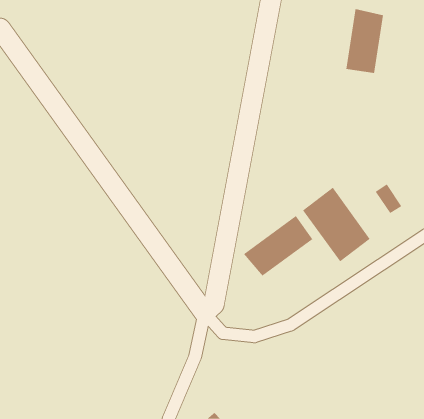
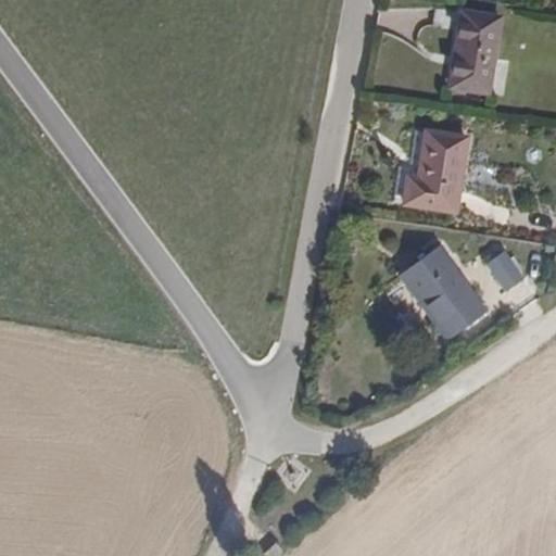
building: none -> [405,131,468,208]
building: [243,215,313,277] -> none

